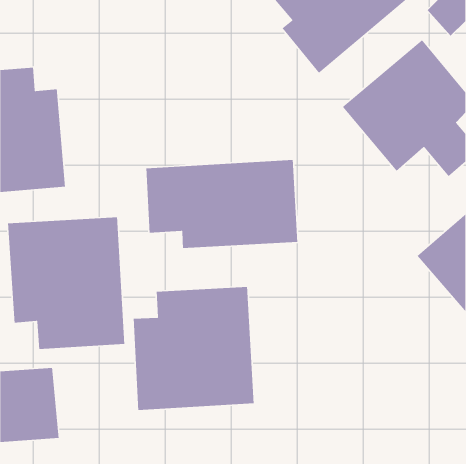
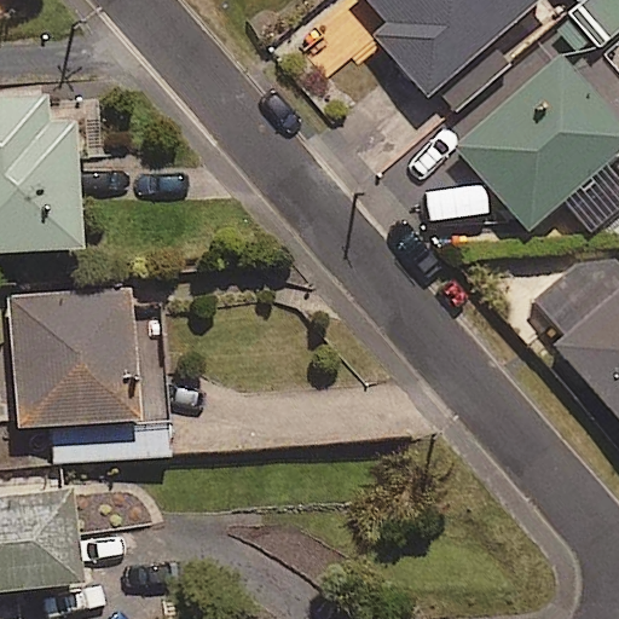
building: [146,159,298,249] -> none
building: [133,286,255,411] -> none

